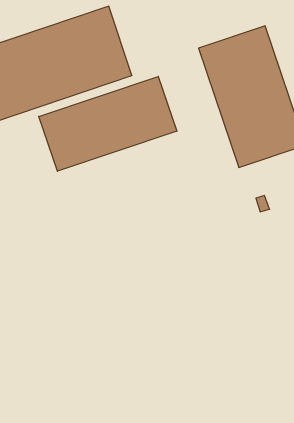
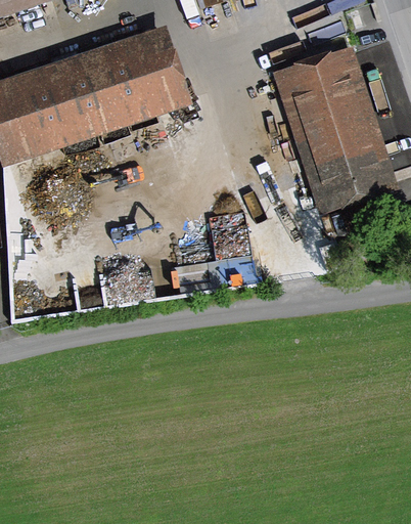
building: [39,76,177,171] -> none

